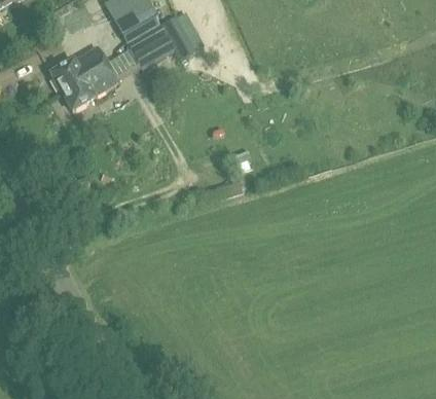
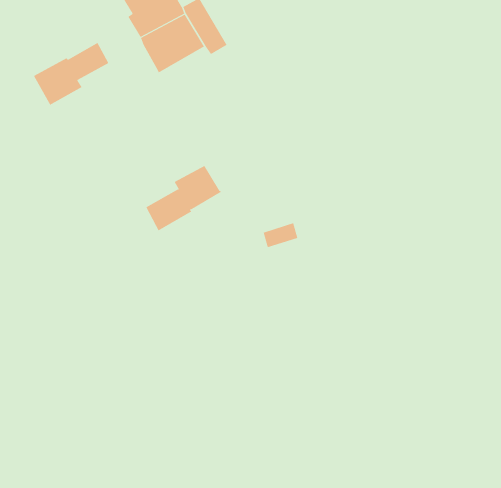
building: [63,62,118,110] -> [146,165,222,231]

